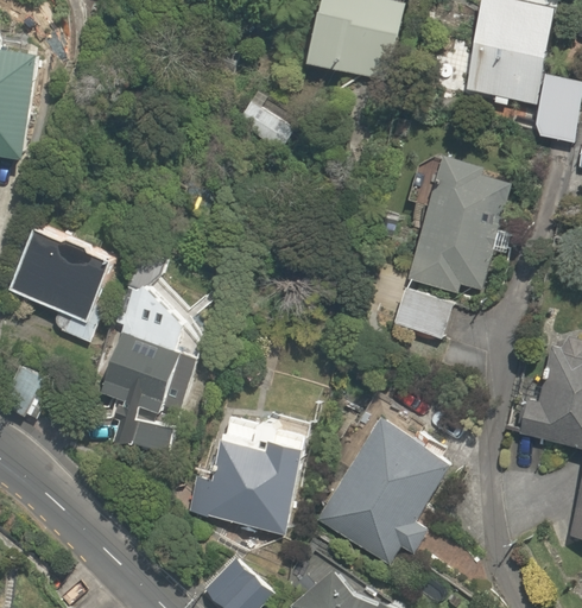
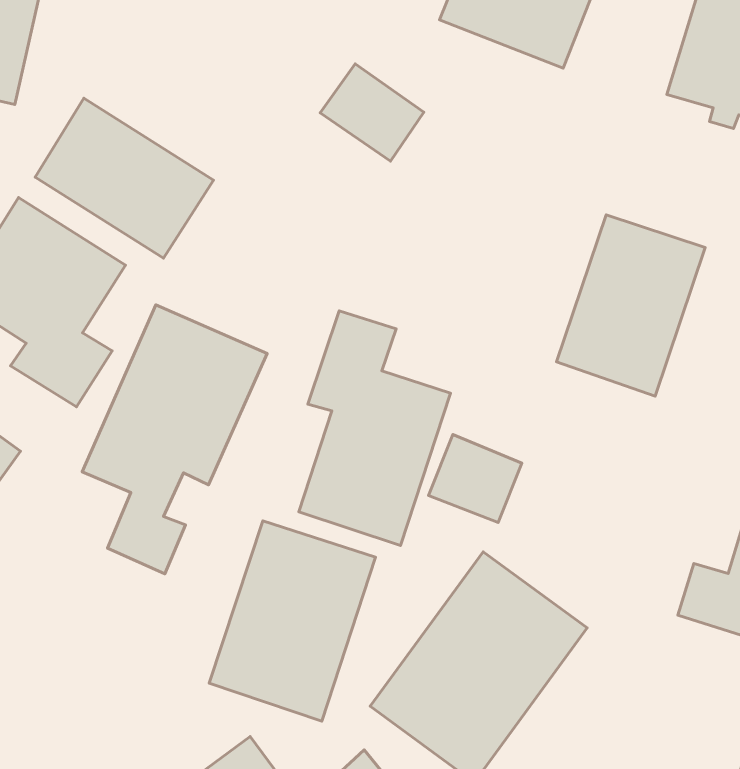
building: none -> [35,98,214,258]
building: none -> [299,311,450,546]
building: [393,284,453,338] -> [429,434,522,523]

